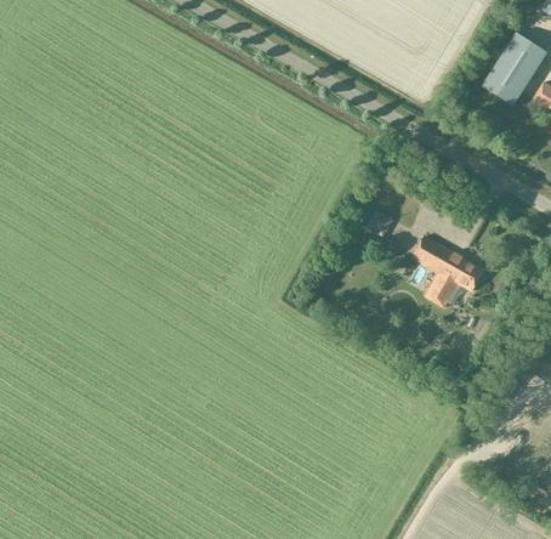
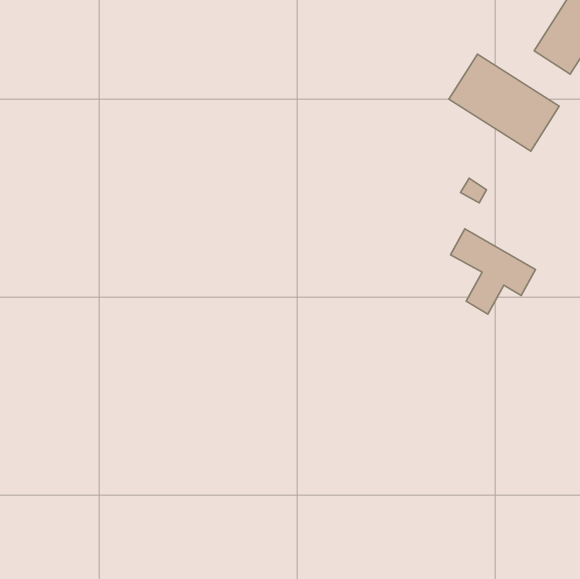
building: none -> [449,54,559,151]

